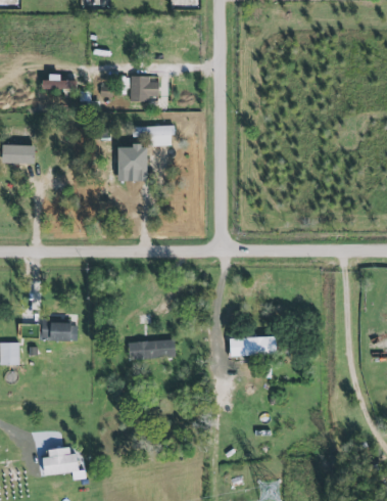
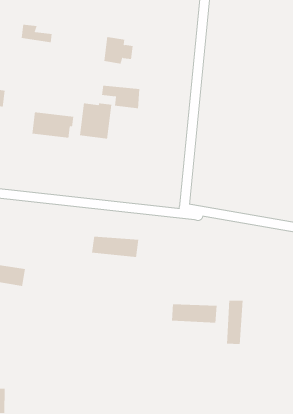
building: none -> [32,111,74,139]
building: none -> [226,300,243,345]
building: [129,339,176,359] -> [91,236,139,257]

